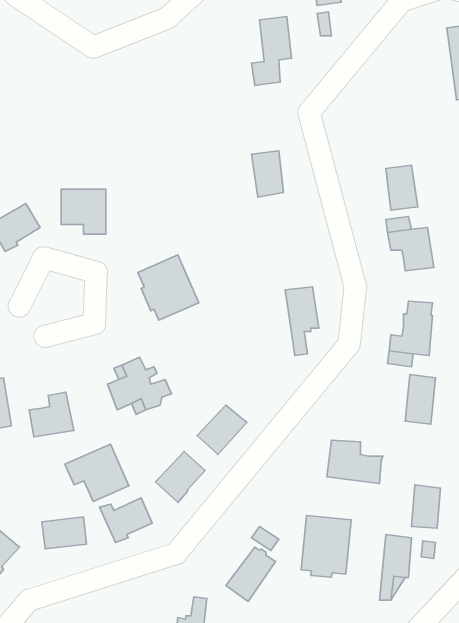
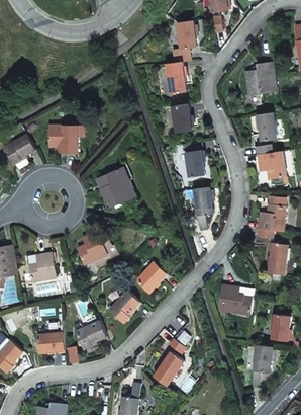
building: none -> [162,59,182,91]
building: none -> [242,59,275,93]
building: none -> [181,141,202,176]
building: [65,444,129,502] -> none
building: [301,516,351,577] -> none

